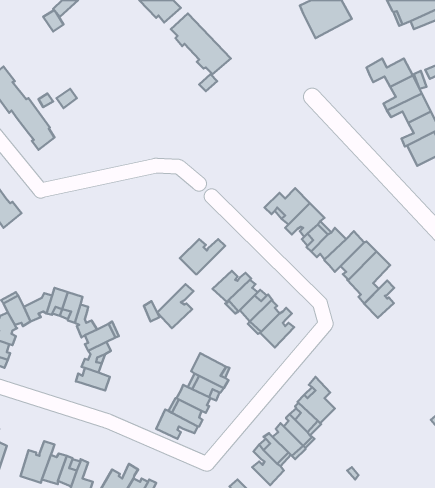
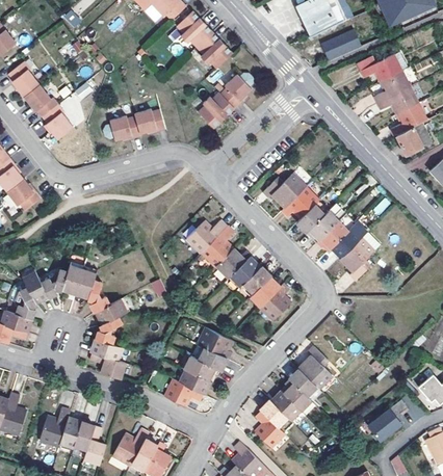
building: none -> [321,31,360,61]
building: none -> [197,74,252,129]
building: none -> [103,111,165,146]
building: [364,281,394,318] -> none
building: [157,284,193,328] -> [202,228,235,268]
building: none -> [89,352,126,379]
building: none -> [365,400,406,441]

